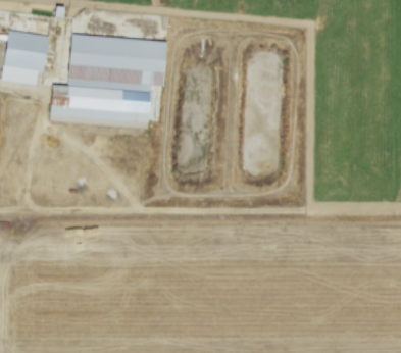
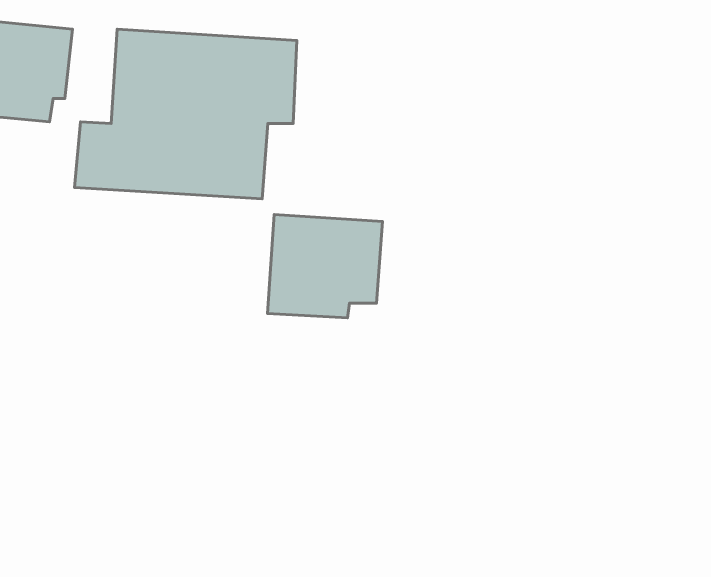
building: none -> [268,215,383,318]

